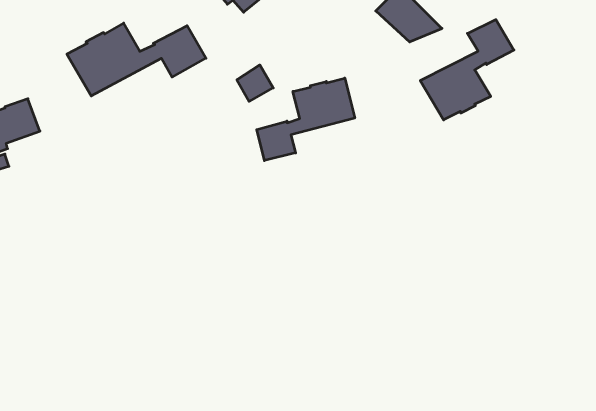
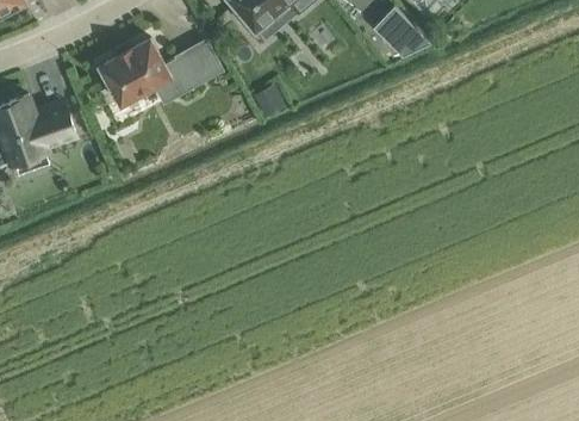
building: [420,20,514,120] -> none
building: [257,78,355,161] -> none

